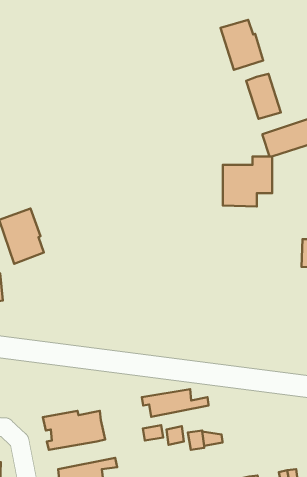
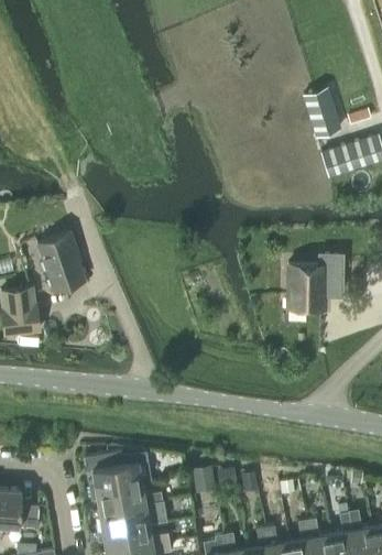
building: [220,20,263,70] -> none
building: [223,157,272,207] -> [288,257,341,311]
building: [142,389,208,417] -> [91,485,163,514]

